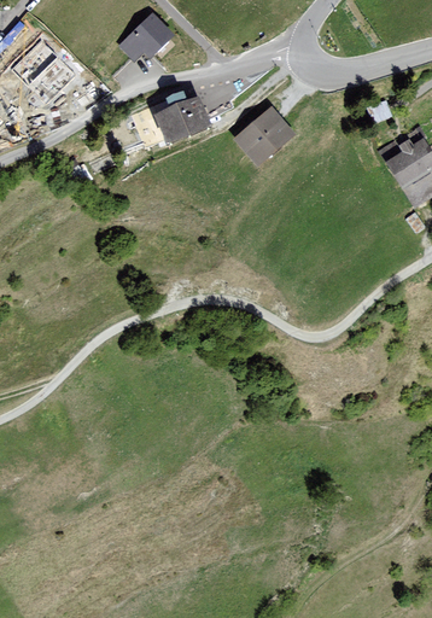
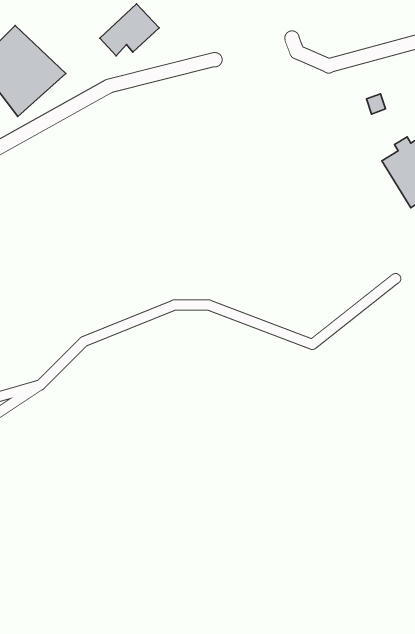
building: [154,95,212,145] -> none
building: [233,106,296,167] -> none

